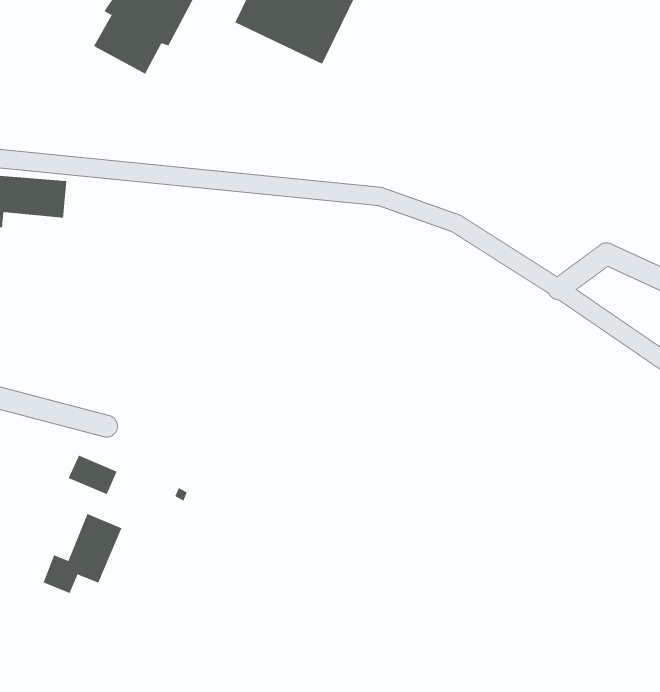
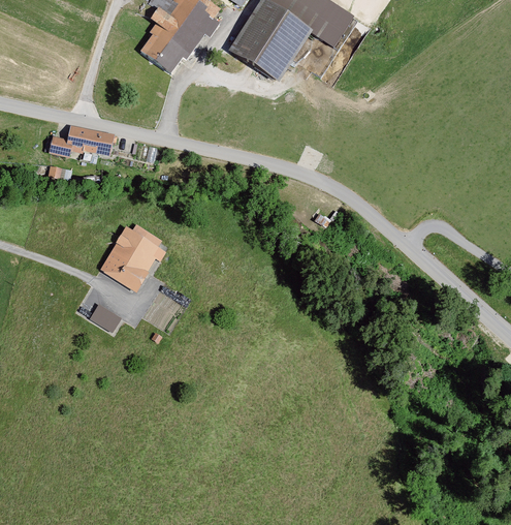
building: none -> [100,222,166,289]
building: [43,513,122,594] -> none

